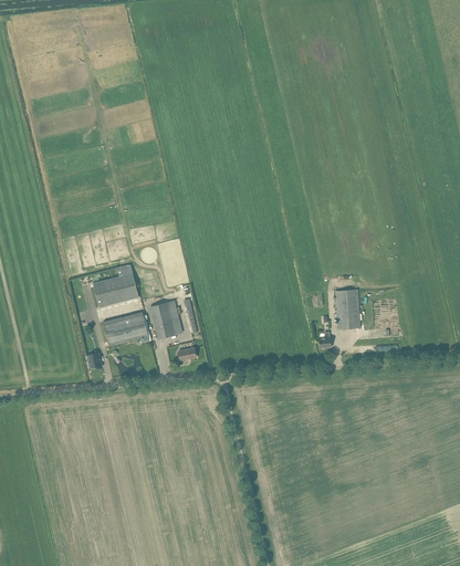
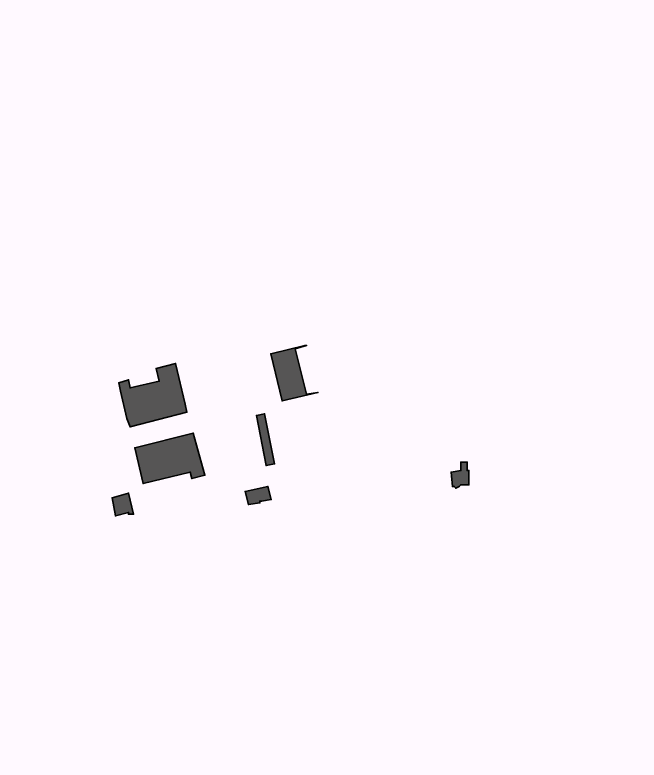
building: [335,289,360,328] -> none
building: [150,300,182,337] -> [271,346,318,401]

